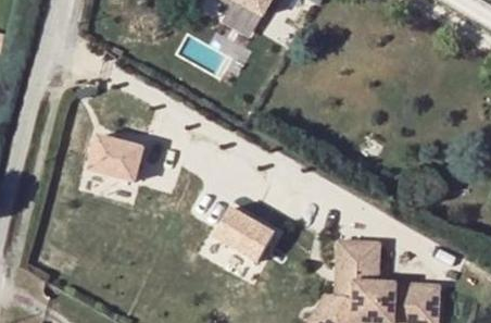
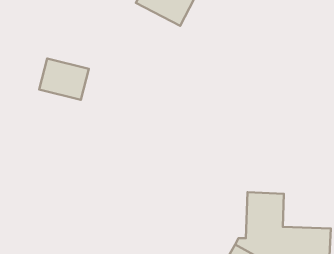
building: [86,133,147,184] -> [39,58,89,100]
building: [211,203,276,263] -> none

